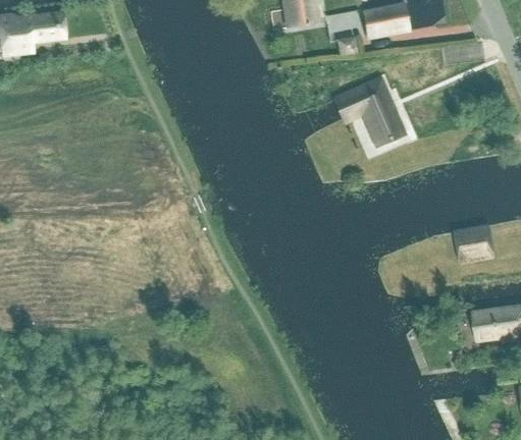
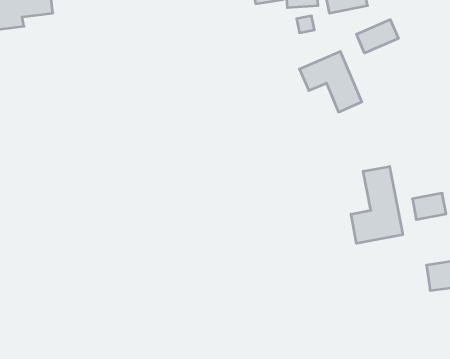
building: none -> [357,20,398,53]
building: none -> [351,166,403,243]

